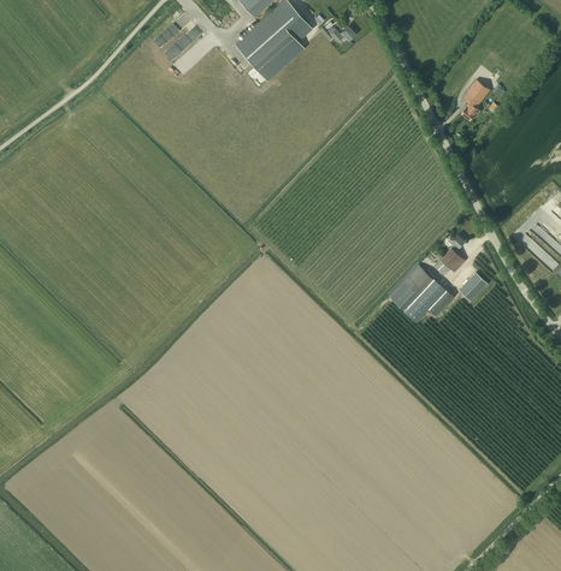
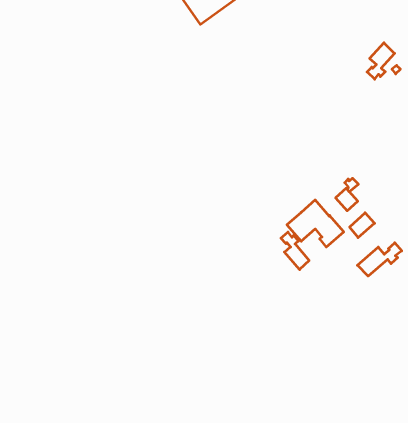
building: none -> [357,243,402,276]
building: none -> [281,232,309,270]

